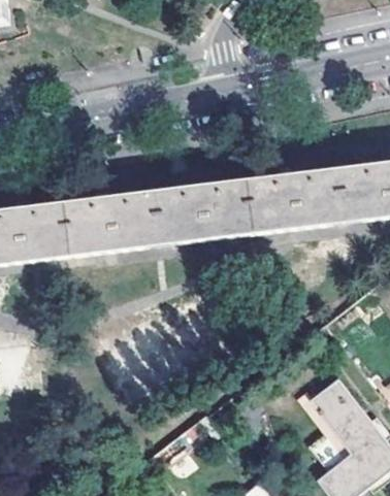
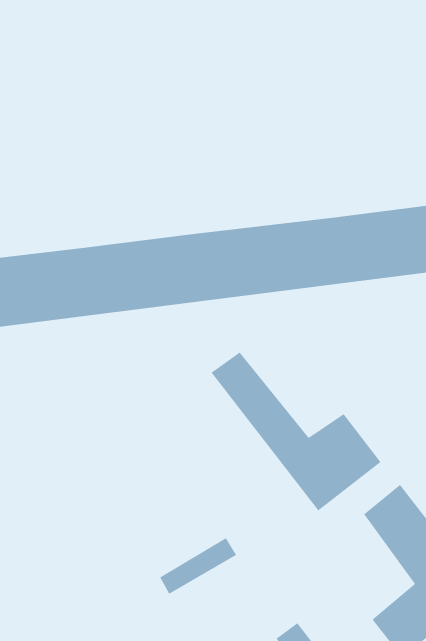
building: none -> [210,351,381,512]

